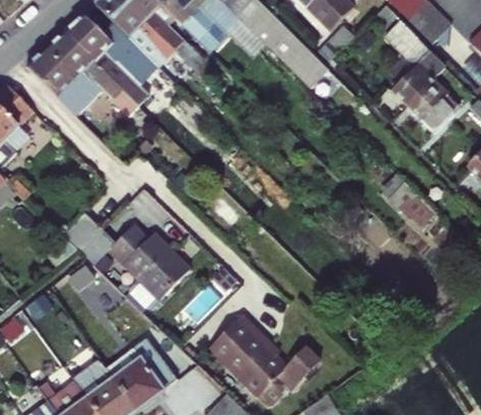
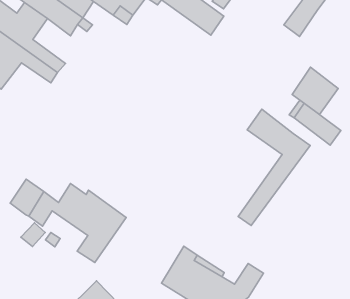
building: [407,78,458,131] -> [292,67,338,115]
building: none -> [238,109,310,226]

